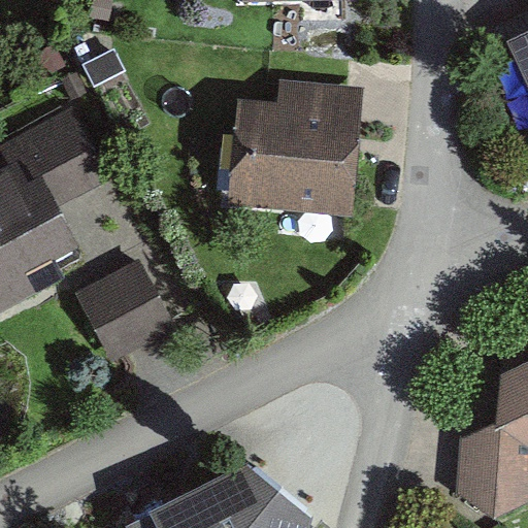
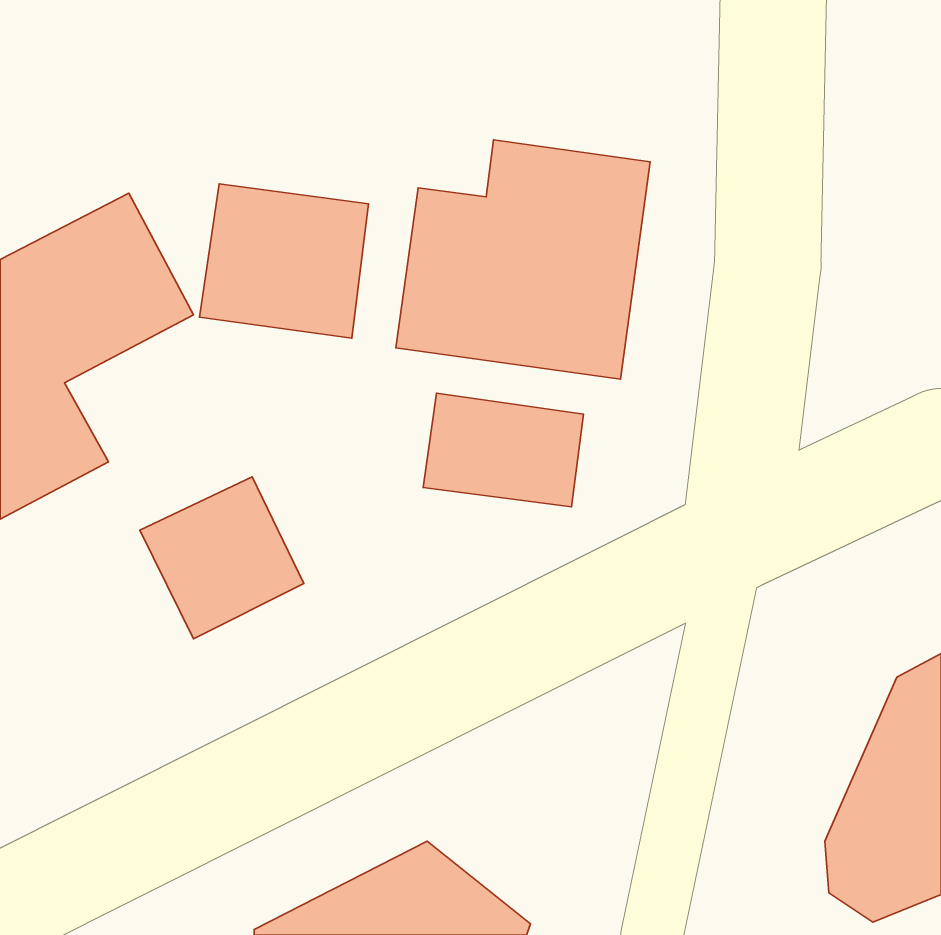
building: none -> [200,184,369,338]
building: none -> [423,393,584,507]

